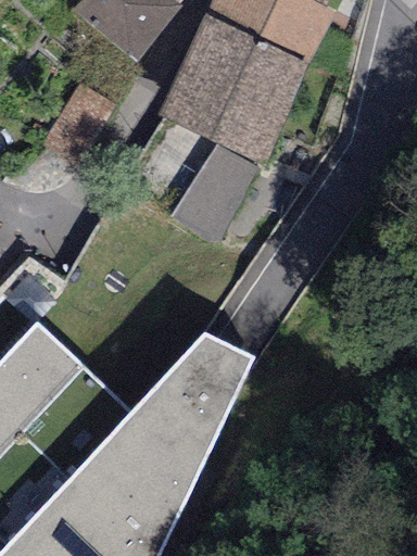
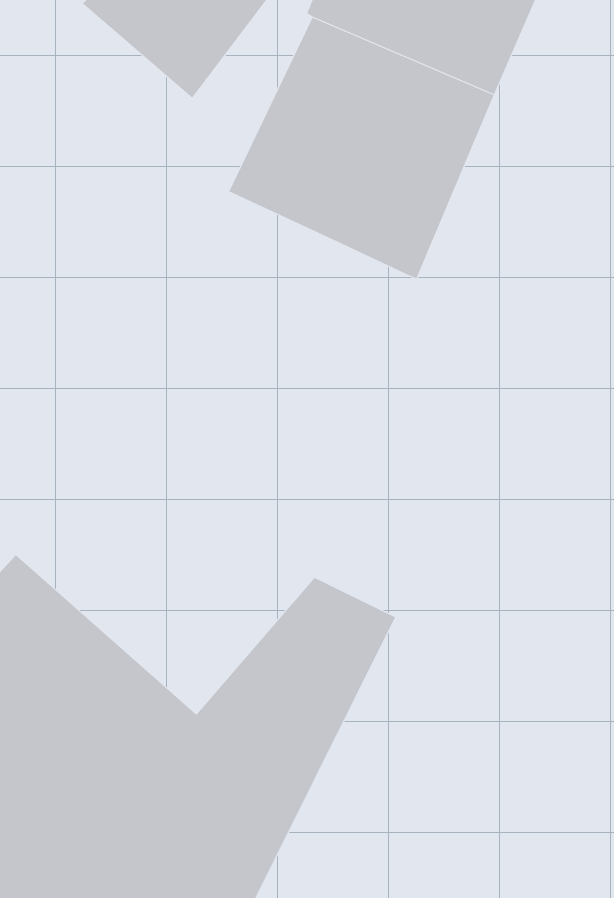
building: [169,143,257,241] -> none

